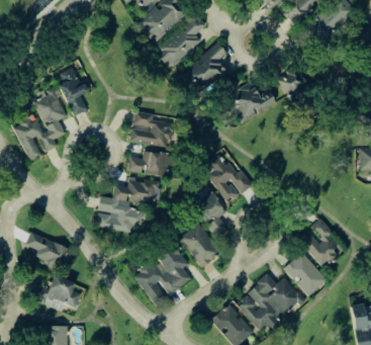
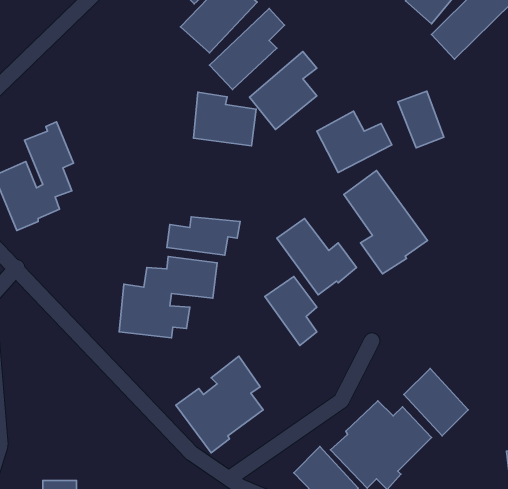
building: [54,67,87,116] -> none
building: [131,111,173,147] -> [193,92,256,146]
building: none -> [344,171,427,274]
building: [298,219,340,267] -> none
building: [180,223,220,267] -> none
building: [26,232,68,269] -> none
building: [41,275,81,312] -> none

